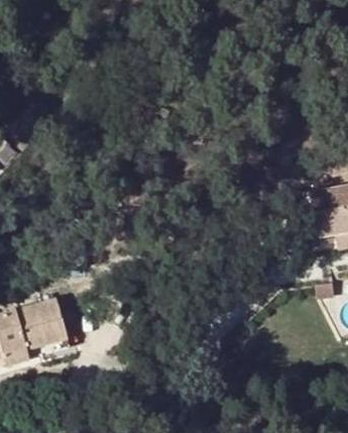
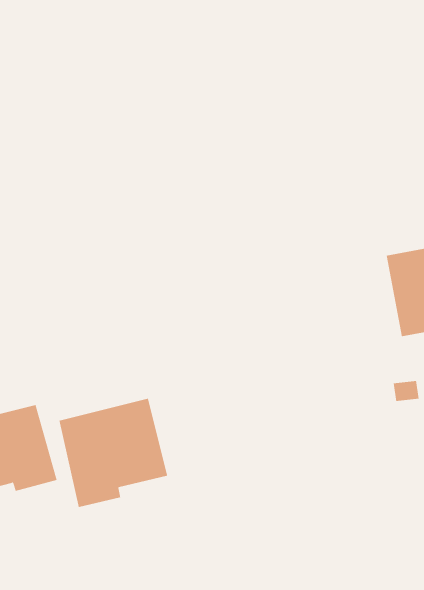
building: none -> [59,398,168,508]

